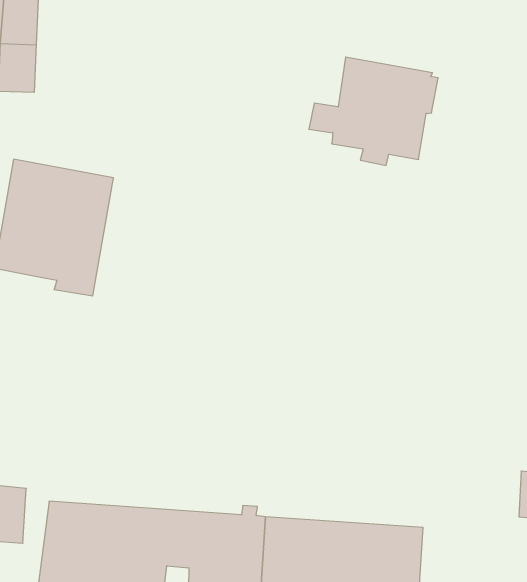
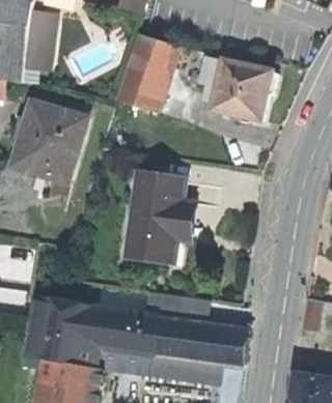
building: none -> [116,33,204,112]
building: none -> [126,174,195,262]

